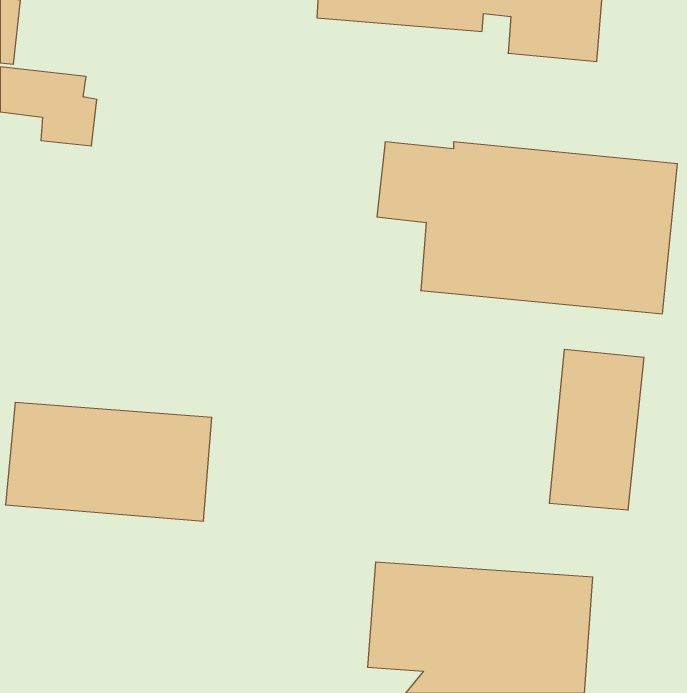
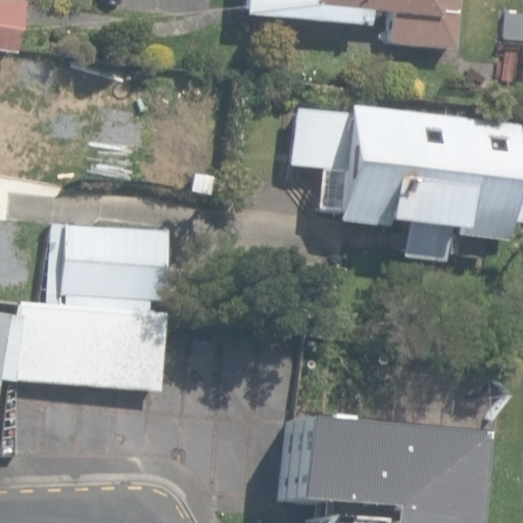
building: none -> [62,222,168,300]
building: [549,349,644,510] -> none

